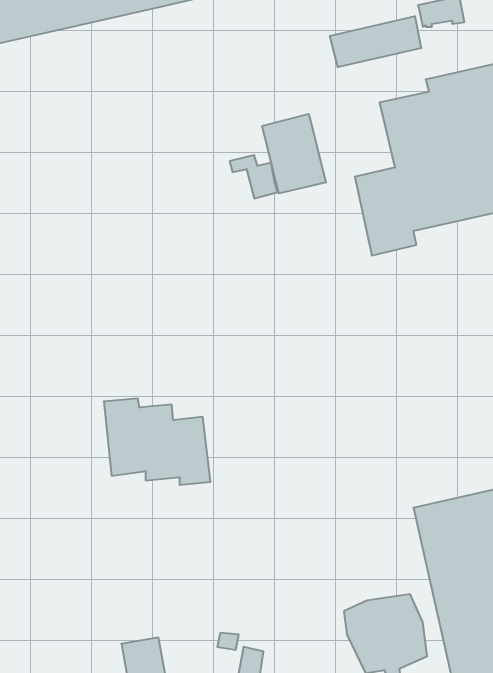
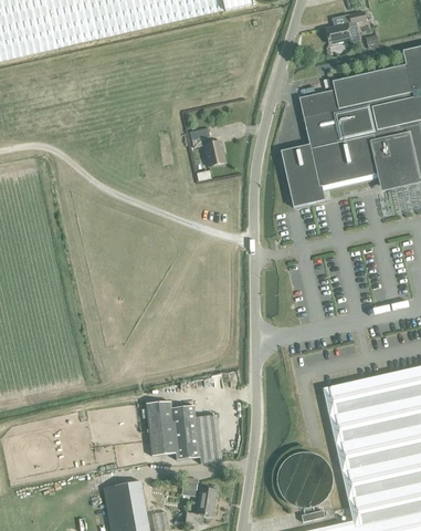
building: [330,16,421,67] -> none
building: [262,114,326,193] -> none
building: [104,398,210,485] -> [146,400,222,462]

